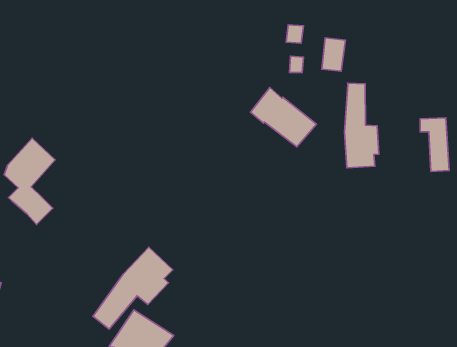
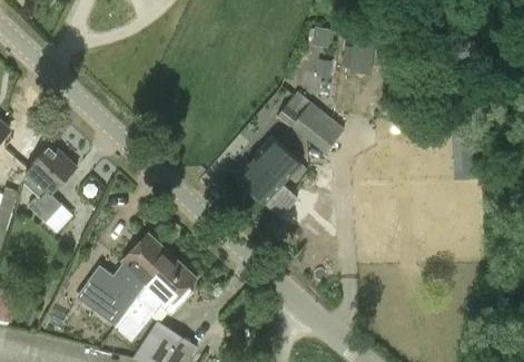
building: [345,83,379,168] -> none
building: none -> [234,137,300,205]
building: none -> [76,233,171,326]

